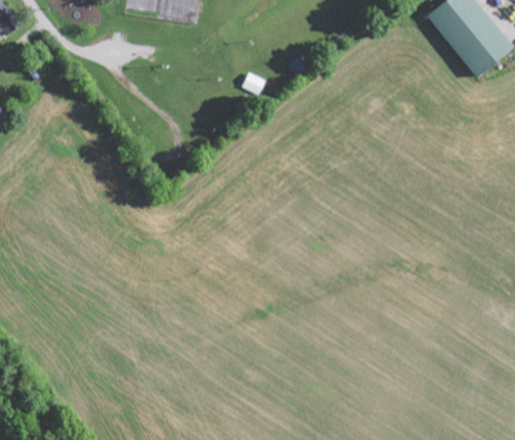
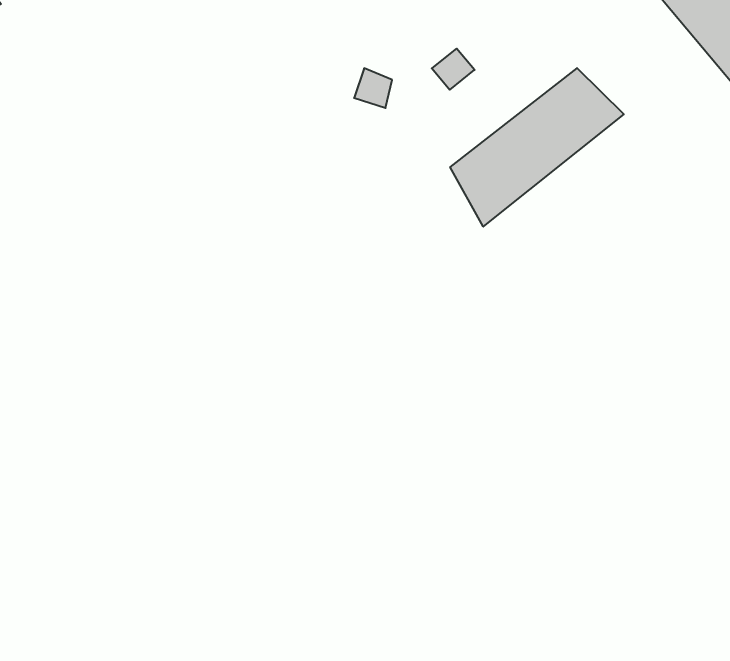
building: none -> [450,68,624,227]

